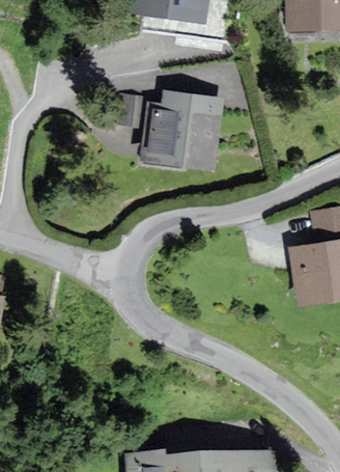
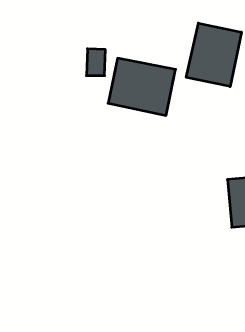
building: none -> [186,23,241,87]

